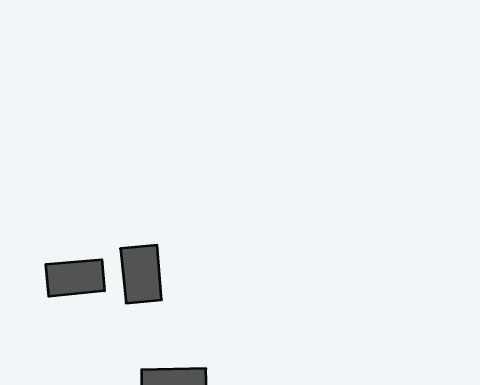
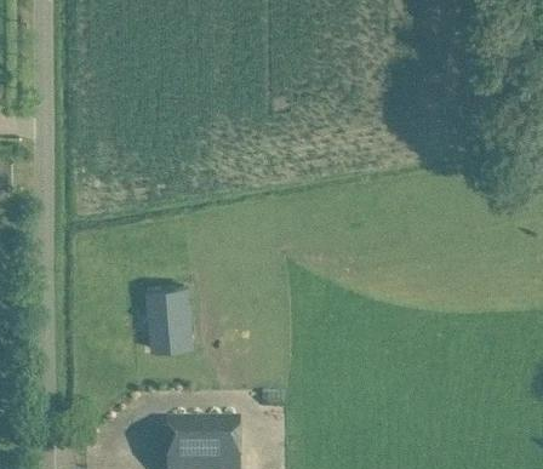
building: [46,260,104,296] -> none

